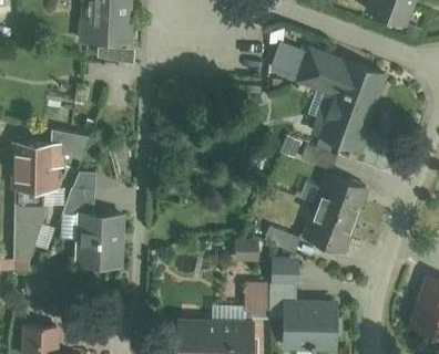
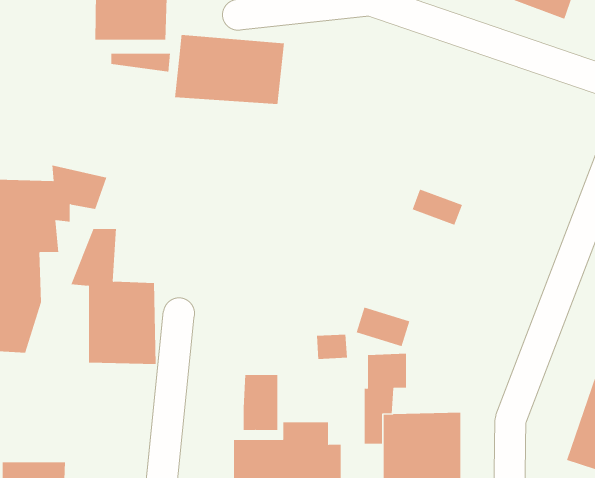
building: [274,38,388,150] -> none
building: none -> [175,34,284,105]
building: [304,173,366,256] -> none
building: [243,283,267,322] -> [243,374,278,430]

